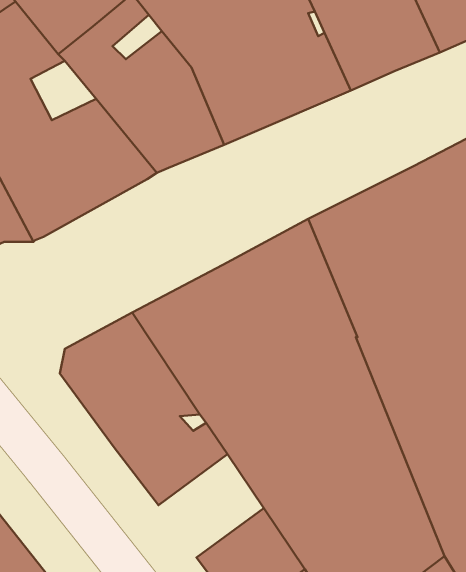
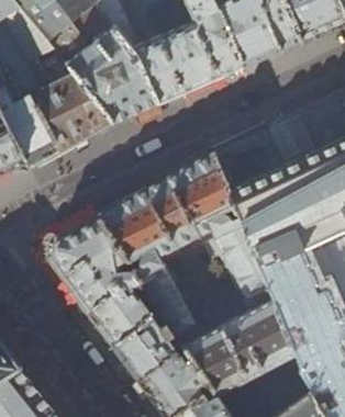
building: none -> [113,313,183,382]

